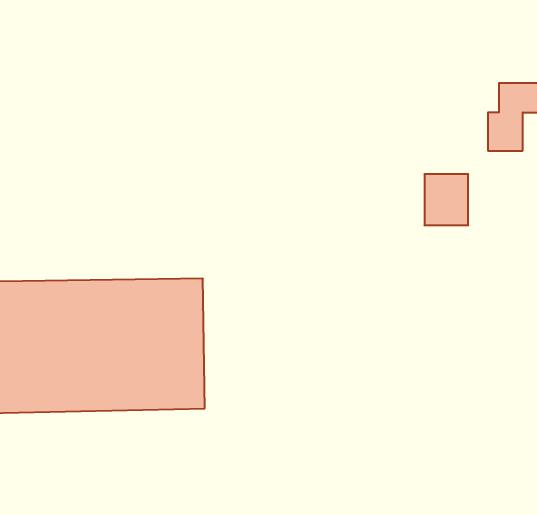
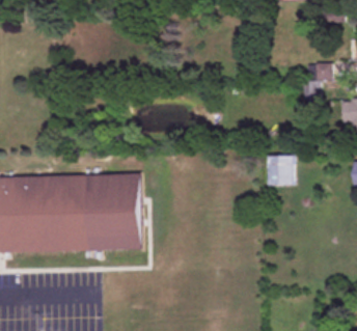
building: [424,174,468,225] -> [267,157,292,186]

